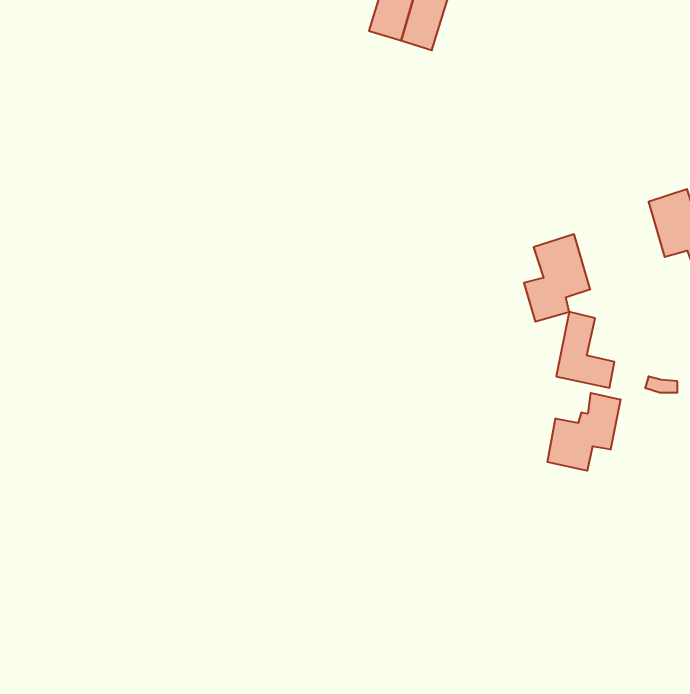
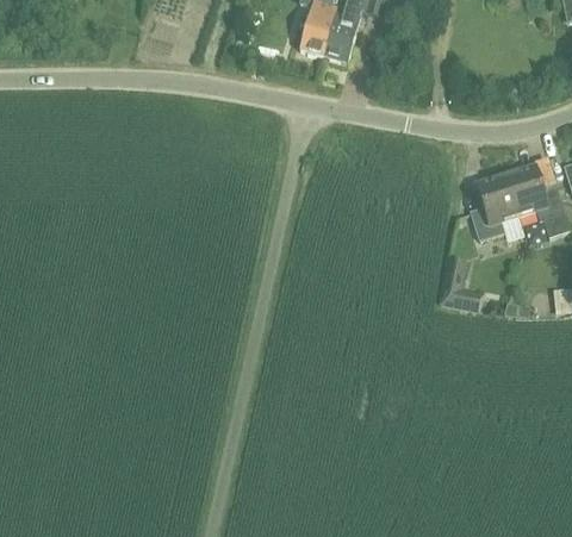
building: [524,234,590,322] -> [470,173,518,237]
building: [548,393,621,471] -> none

